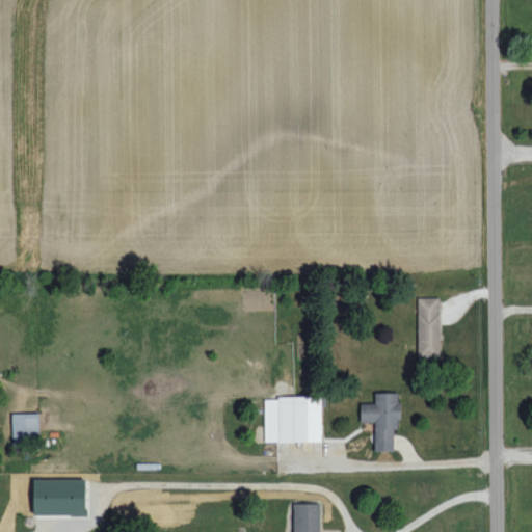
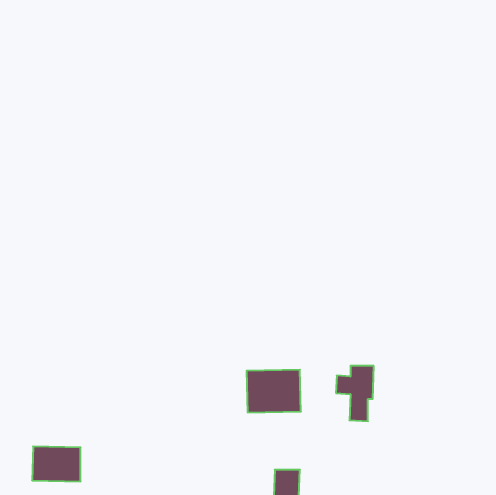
building: [417,297,440,357] -> none
building: [12,414,39,440] -> none

